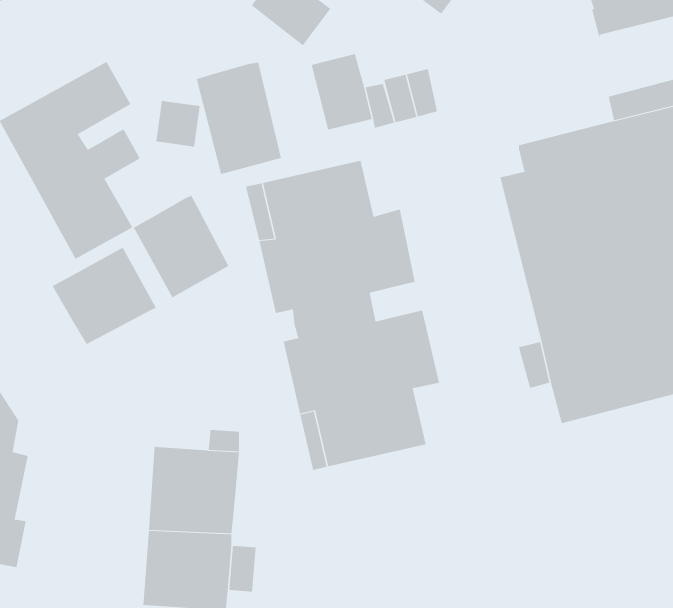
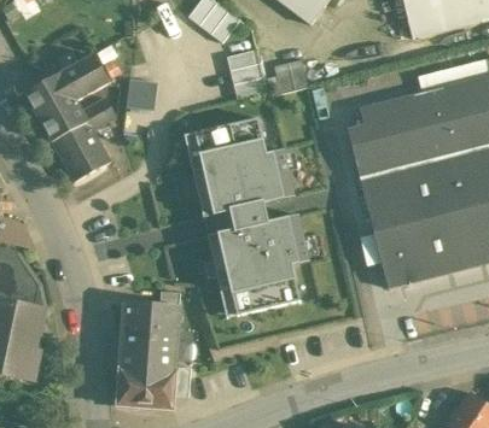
building: [196,62,282,175] -> none
building: [133,195,229,298] -> none
building: [52,247,157,345] -> none

